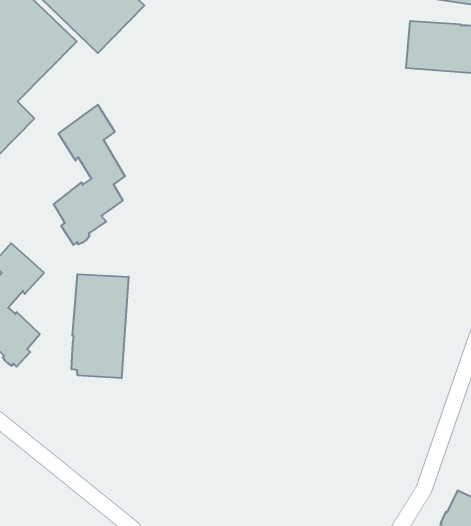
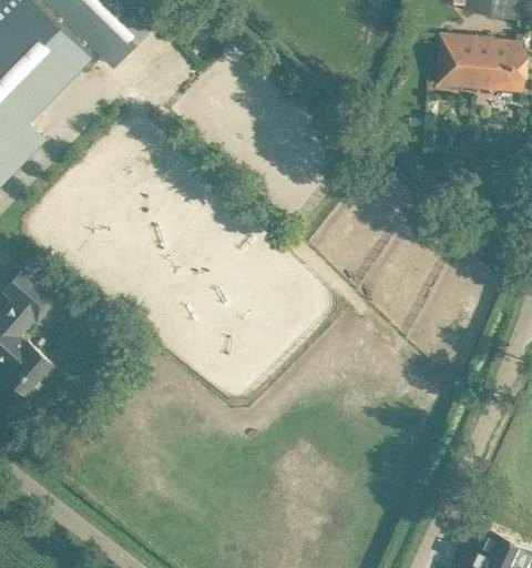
building: [54,105,125,245] -> none
building: [71,274,129,378] -> none

